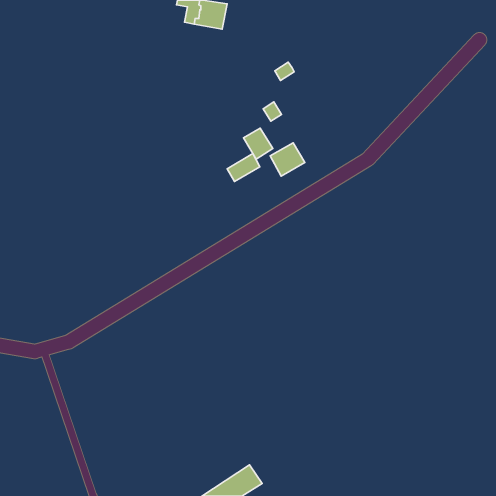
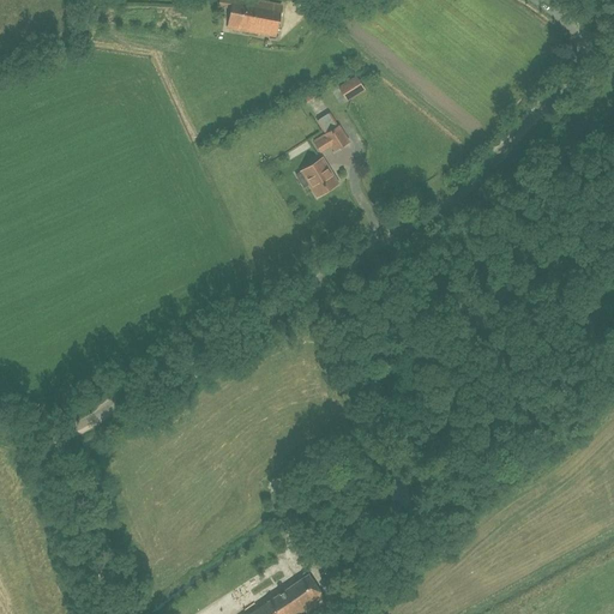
building: [270,143,305,176] -> none
building: [227,154,260,181] -> none

